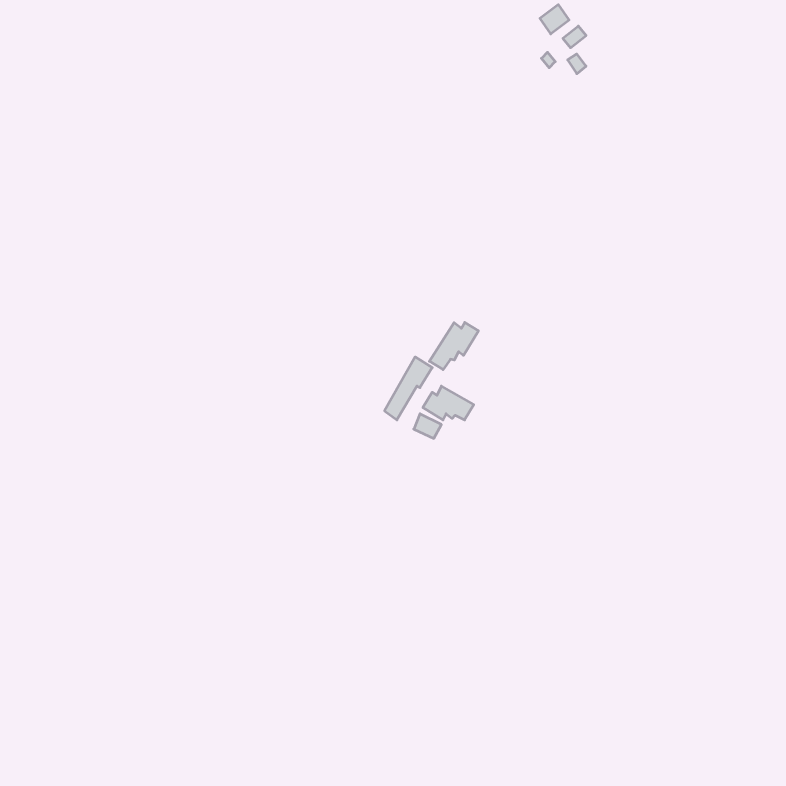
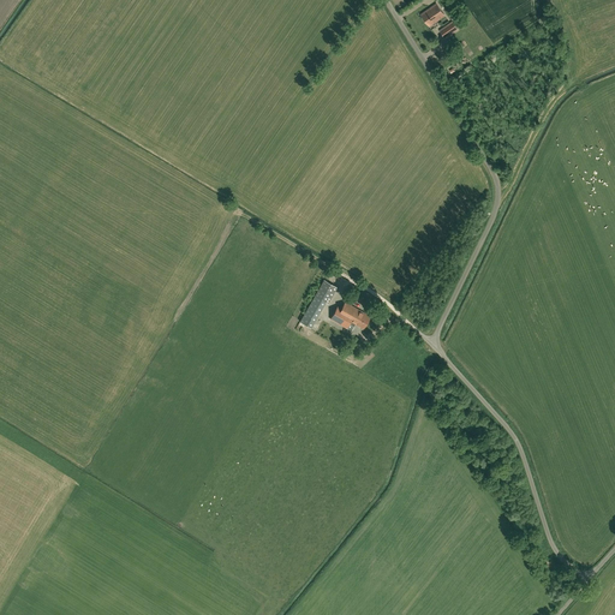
building: [429,322,478,370] -> none

